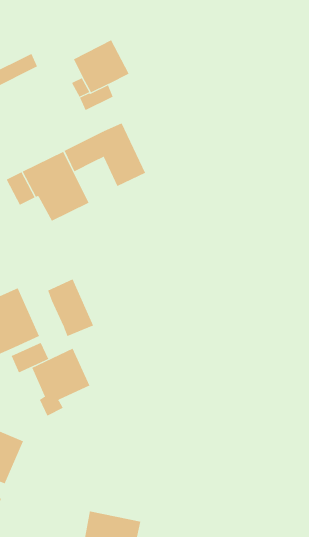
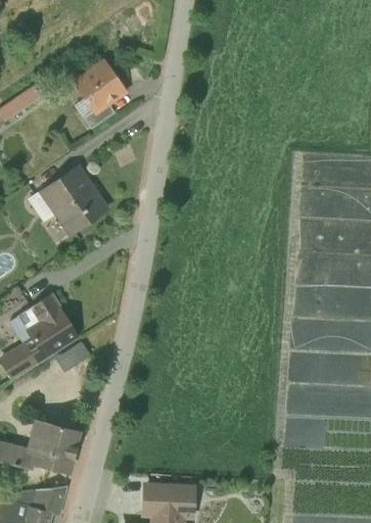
building: [64,123,146,187] -> none
building: [48,279,94,337] -> none
building: [31,348,90,417] -> none

